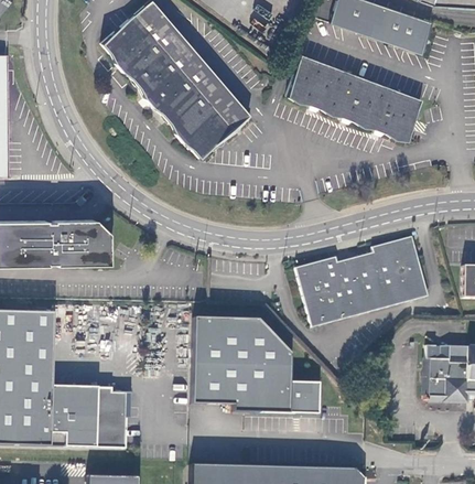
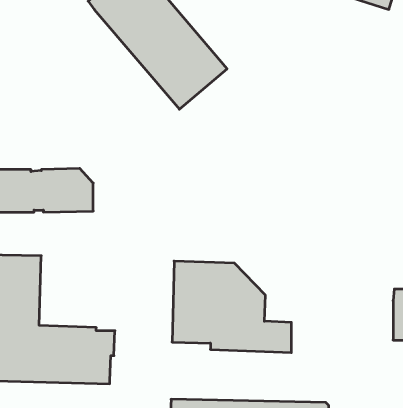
building: [288,54,421,139] -> none
building: [295,238,427,327] -> none

